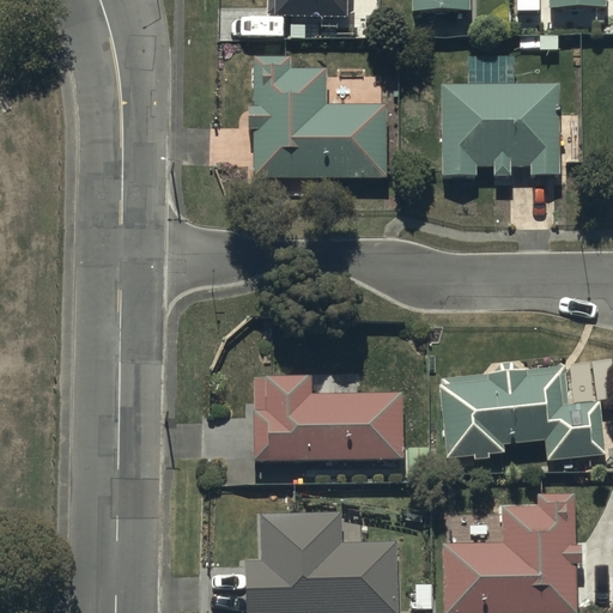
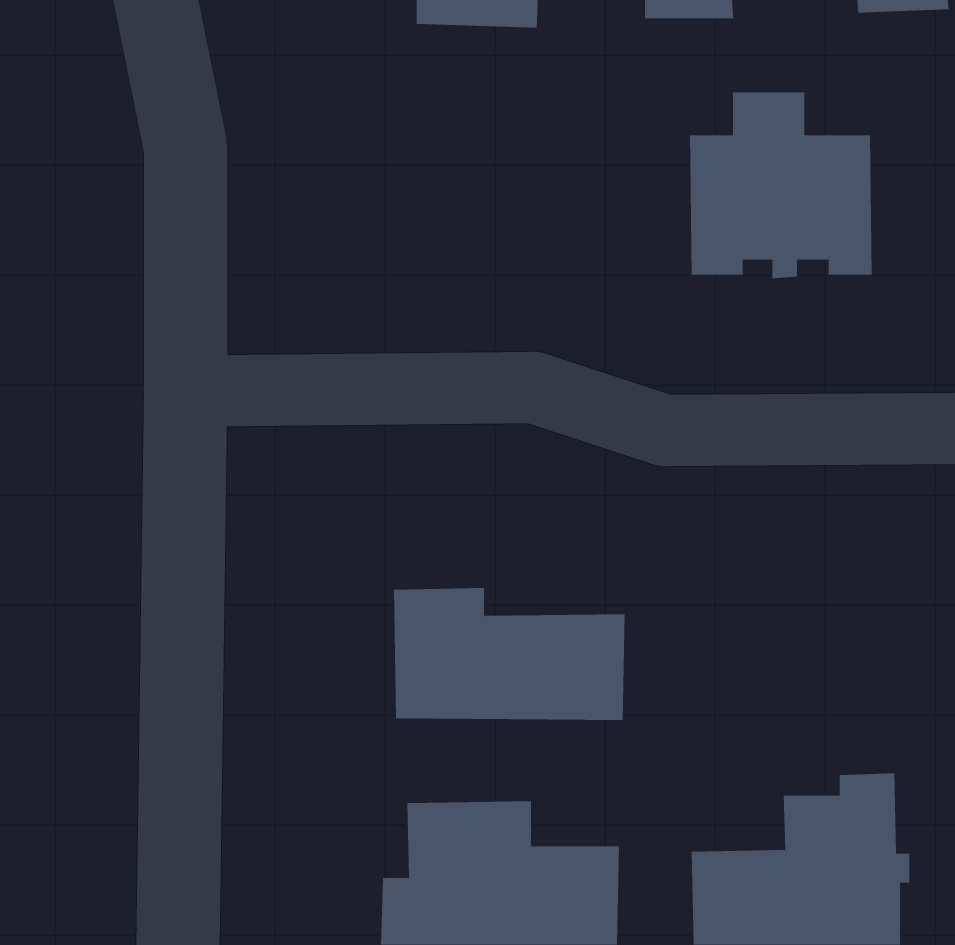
building: [249,55,388,177] -> none
building: [441,368,607,462] -> none

